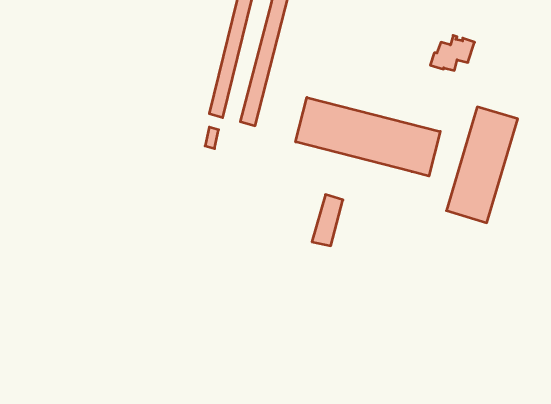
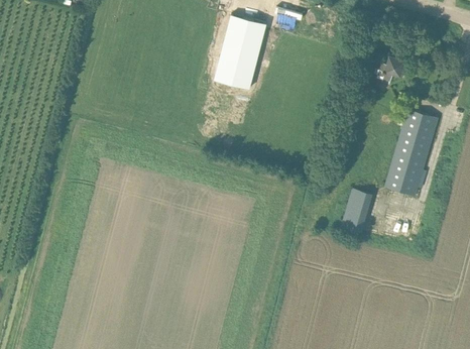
building: [296,97,440,176] -> none
building: [312,195,343,246] -> [347,191,370,229]

